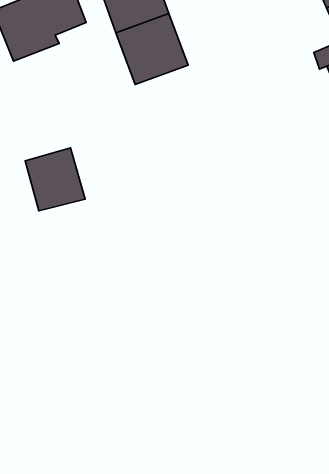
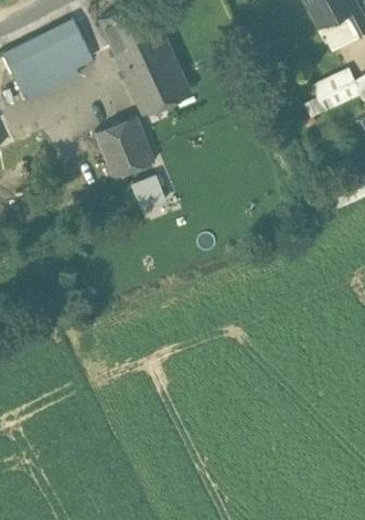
building: [25,148,85,211] -> [95,115,154,177]
building: none -> [132,176,167,209]

